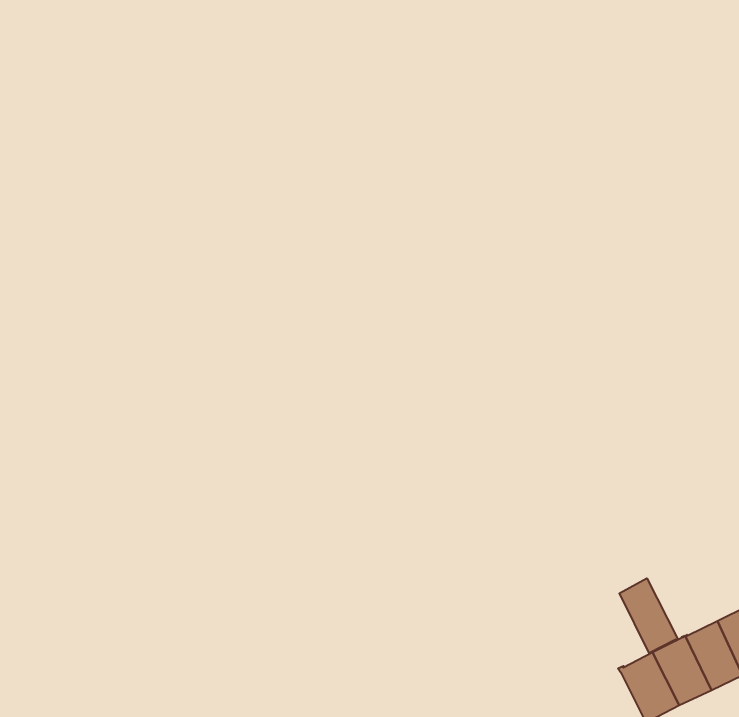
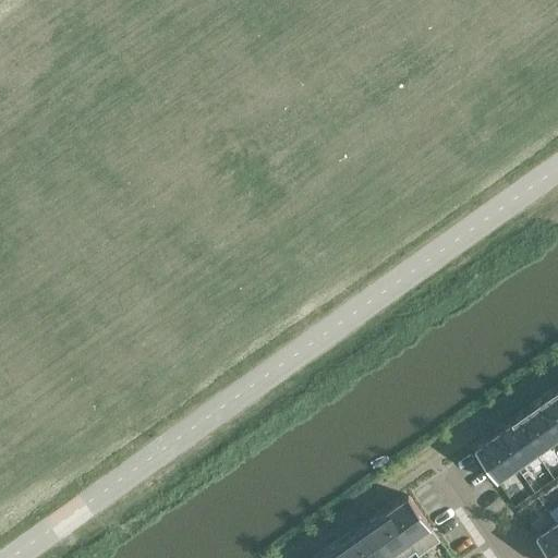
building: [619,578,678,653] -> none

